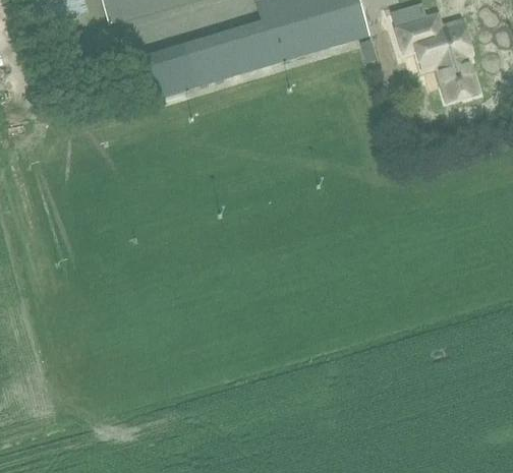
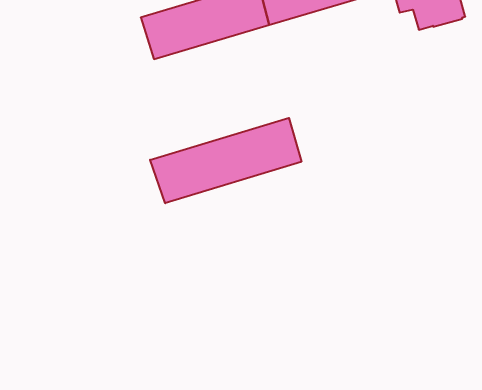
building: [438,56,477,99] -> none
building: none -> [150,118,301,203]

